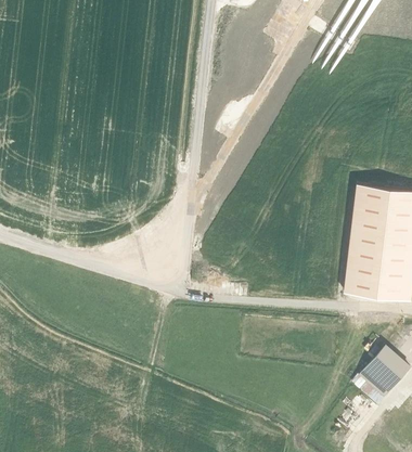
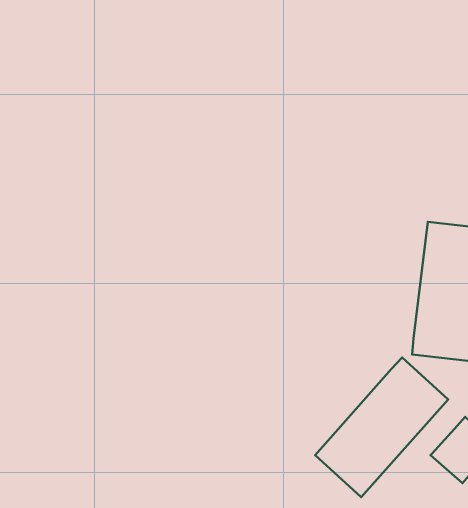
building: none -> [315,358,448,497]

